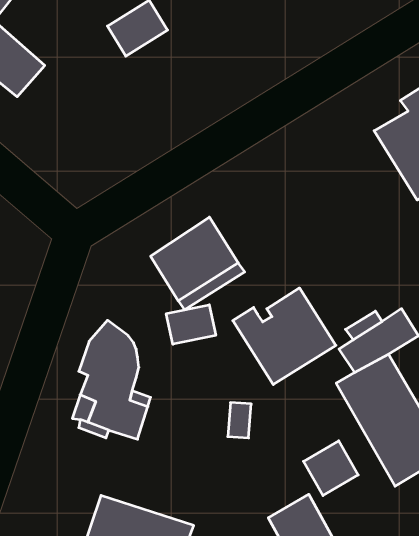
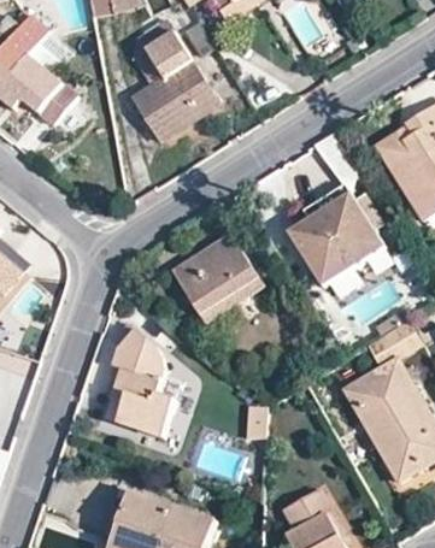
building: none -> [131,60,217,140]
building: [233,288,336,385] -> [286,194,381,283]
building: [166,305,216,344] -> none
building: [303,441,358,496] -> none

